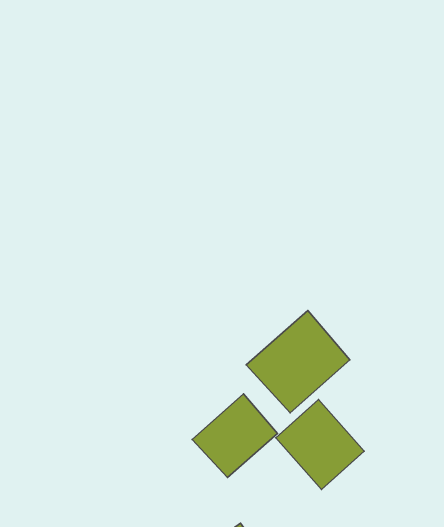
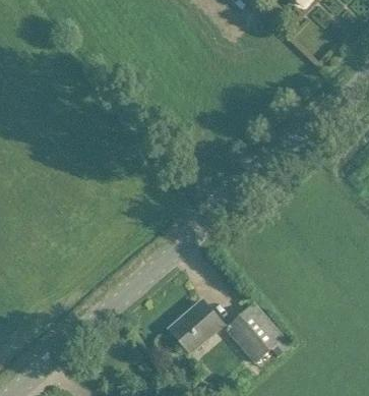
building: [246,311,350,413] -> none

